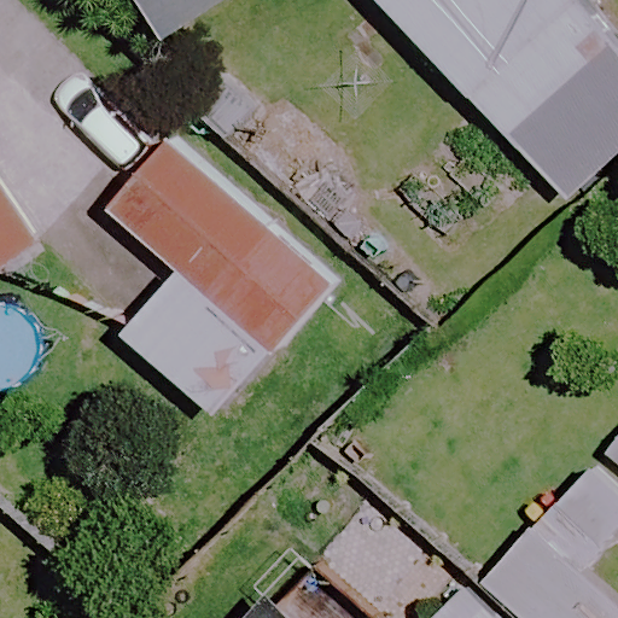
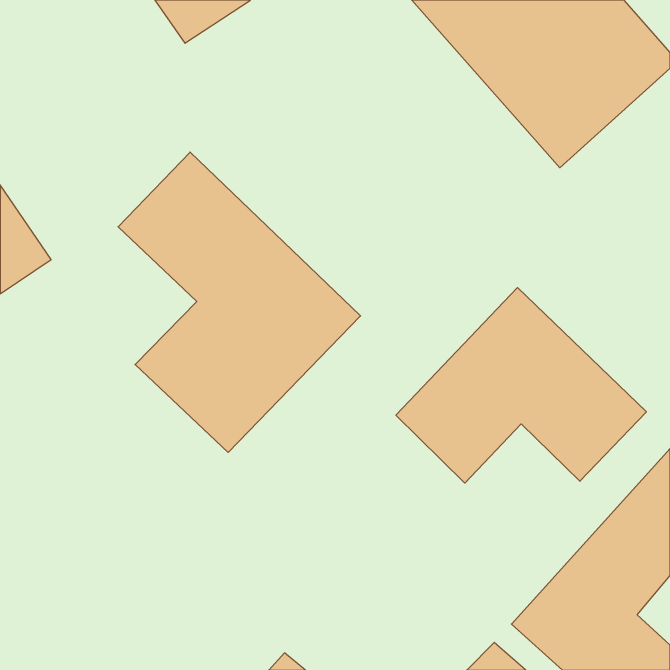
building: none -> [396,288,646,483]

